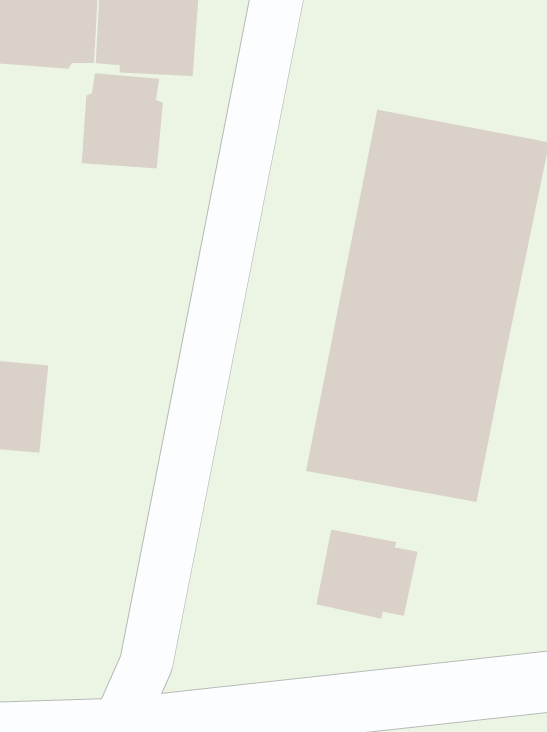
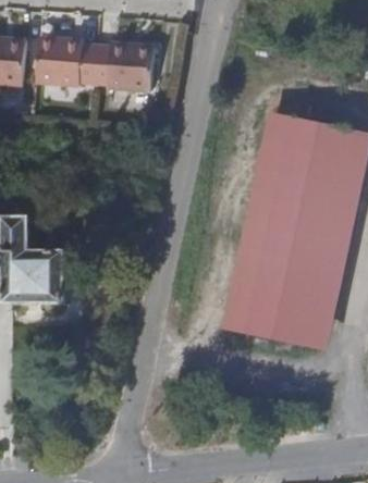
building: [81,73,163,169] -> none
building: [316,529,418,619] -> none

